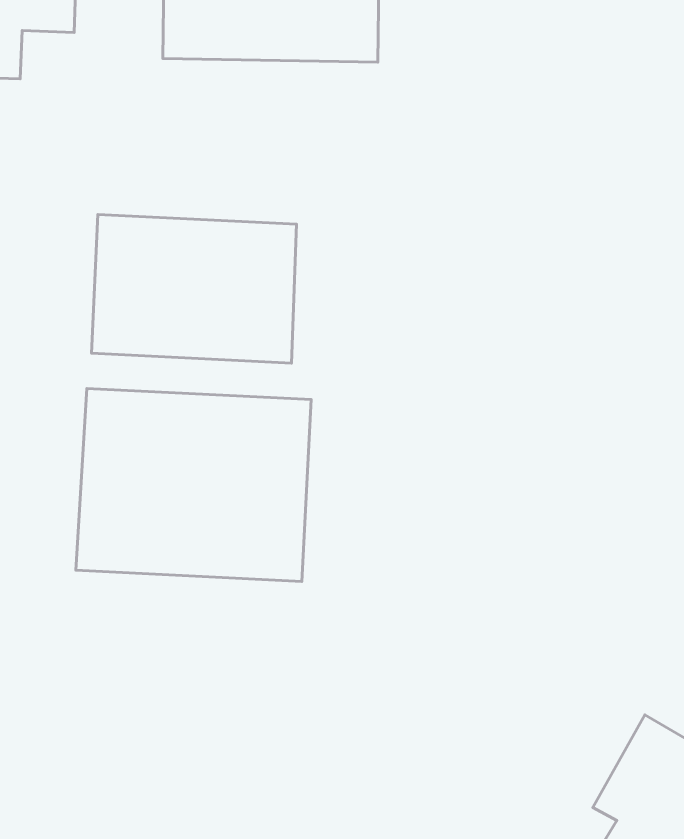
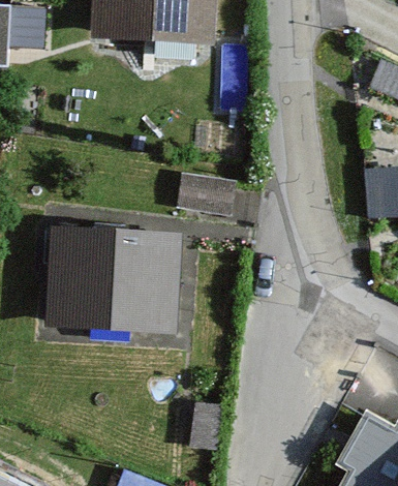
building: [91,214,296,363] -> none

